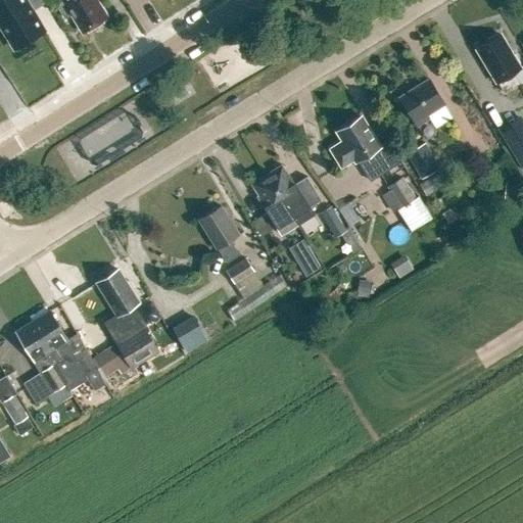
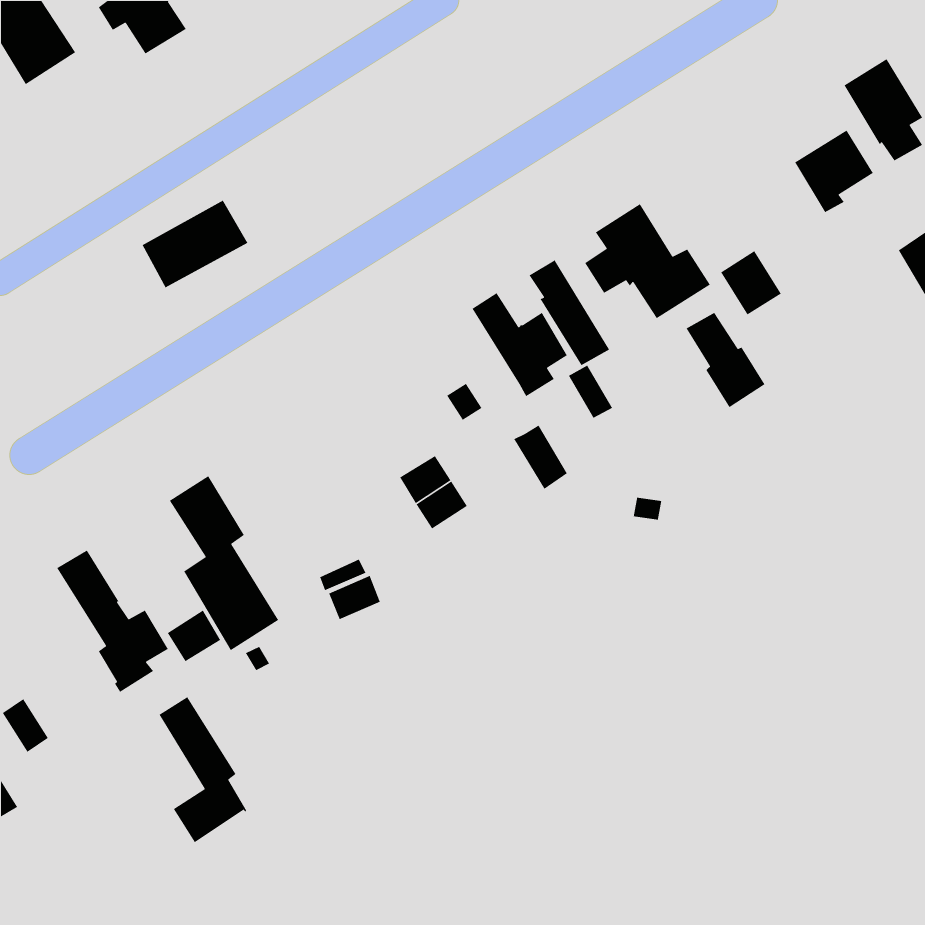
building: [399,79,444,126] -> [794,130,874,213]
building: [251,174,297,234] -> [529,259,610,366]
building: [198,205,239,263] -> none
building: [16,321,66,403] -> [158,696,247,843]

